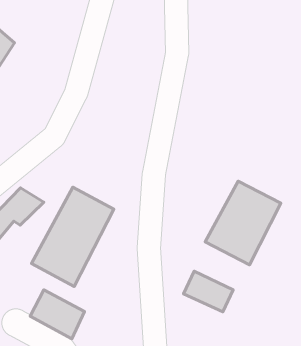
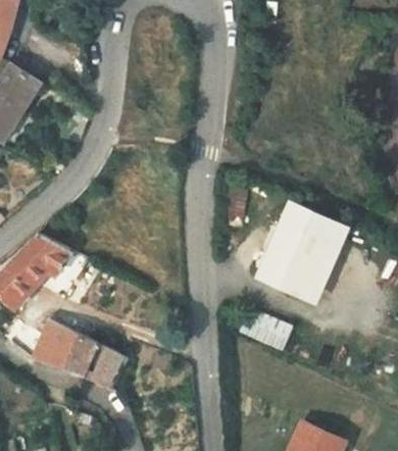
building: [32,187,114,286] -> none
building: none -> [46,333,88,373]

